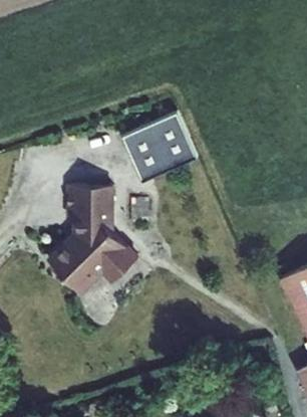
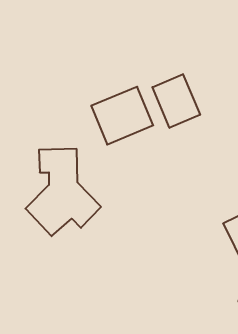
building: none -> [152,74,200,128]

